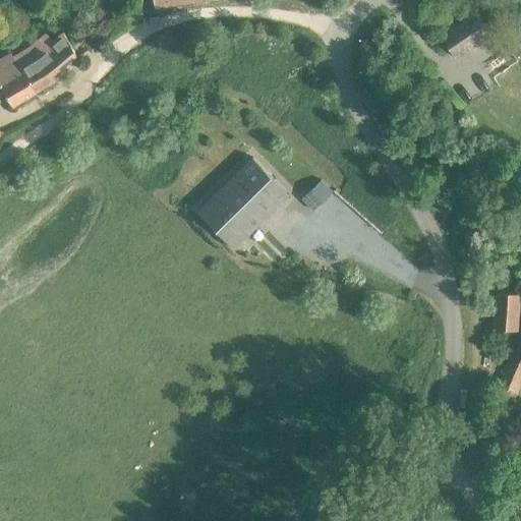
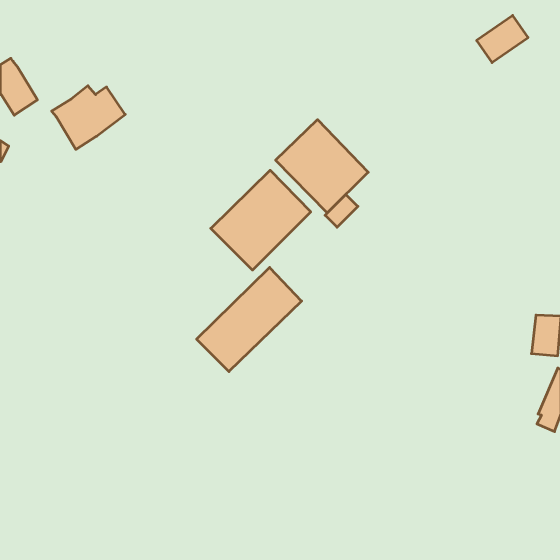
building: [13,35,81,94] -> [52,86,125,149]
building: none -> [276,120,368,213]
building: none -> [197,267,302,372]

